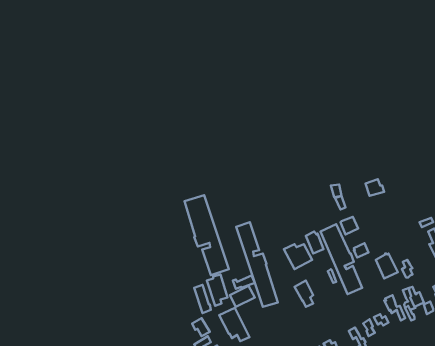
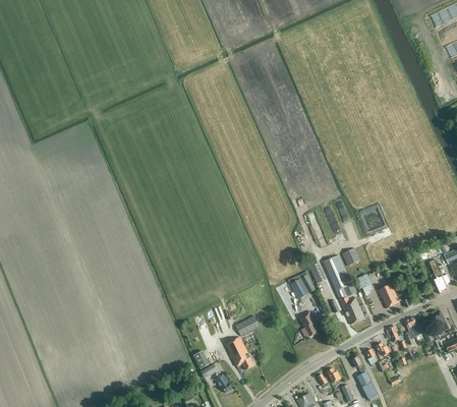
building: [184,195,229,275] -> none
building: [236,222,278,307] -> none

